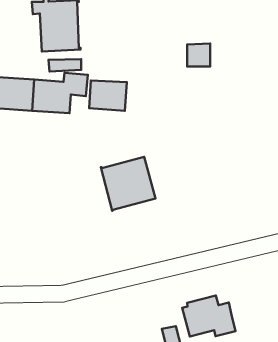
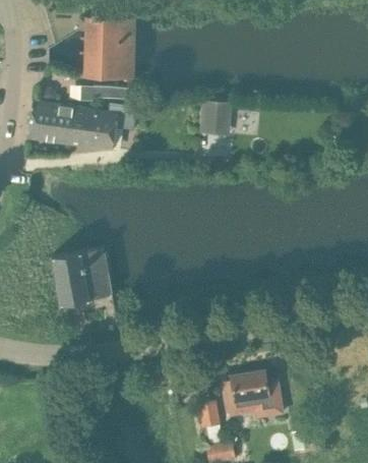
building: [187,44,210,67] -> [203,105,232,132]
building: [89,81,127,111] -> none
building: [101,157,155,211] -> [52,248,112,307]

